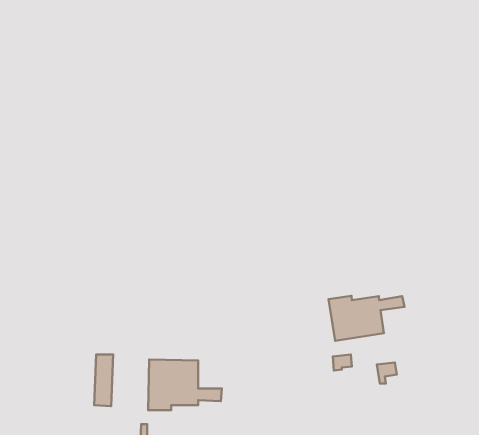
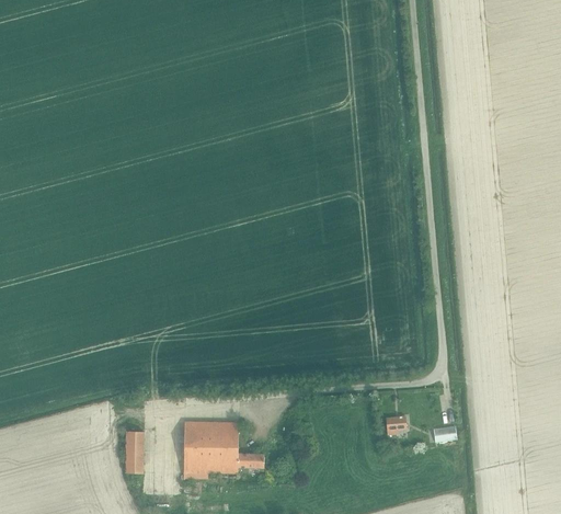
building: [328,296,405,341] -> none

